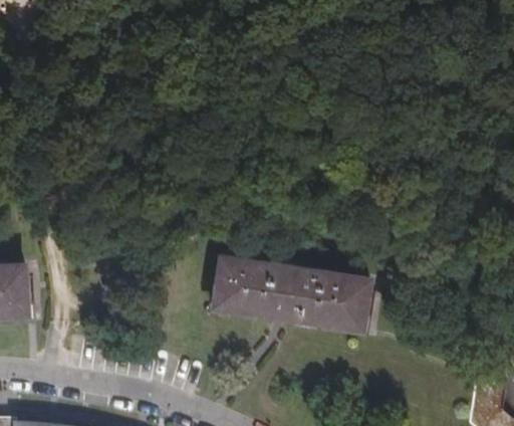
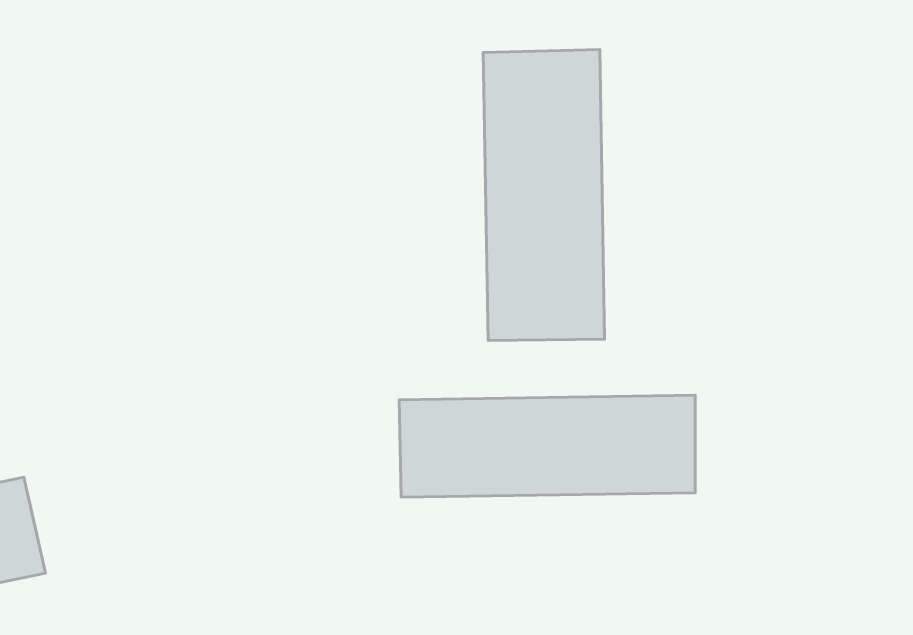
building: none -> [483,49,604,341]

